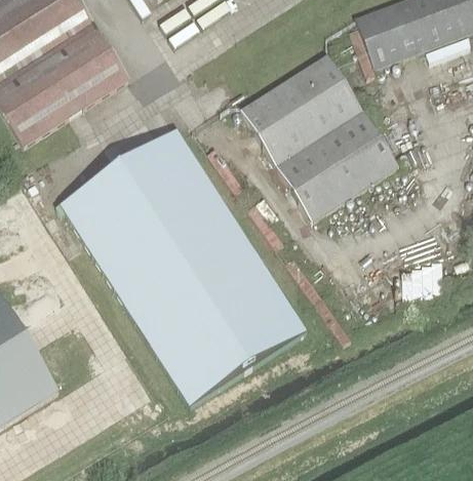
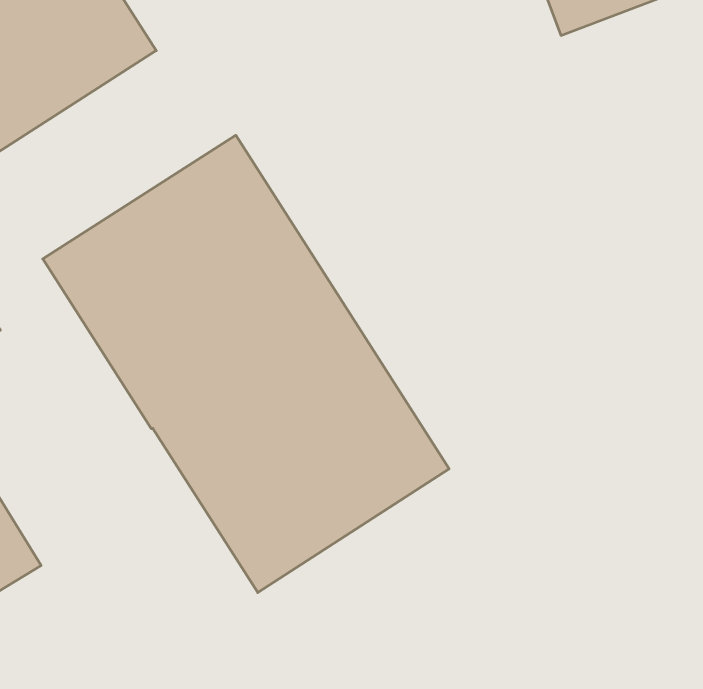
building: [240,54,398,222] -> none

